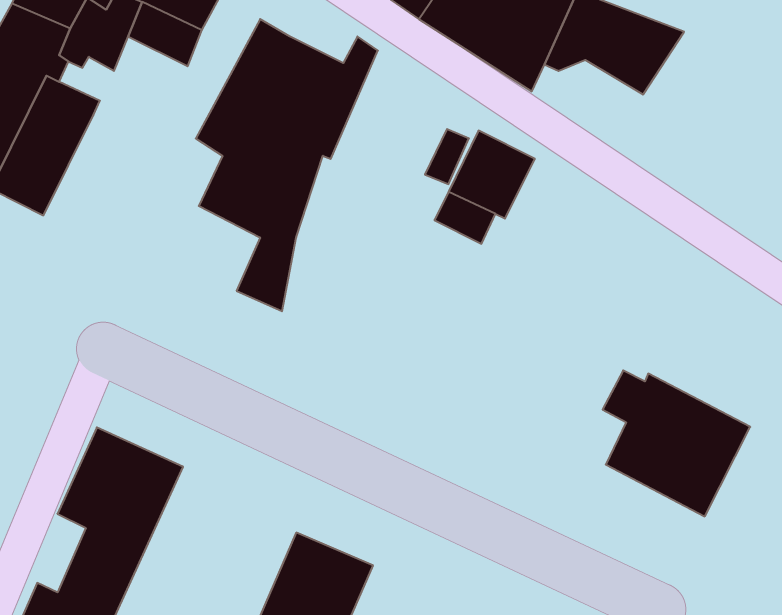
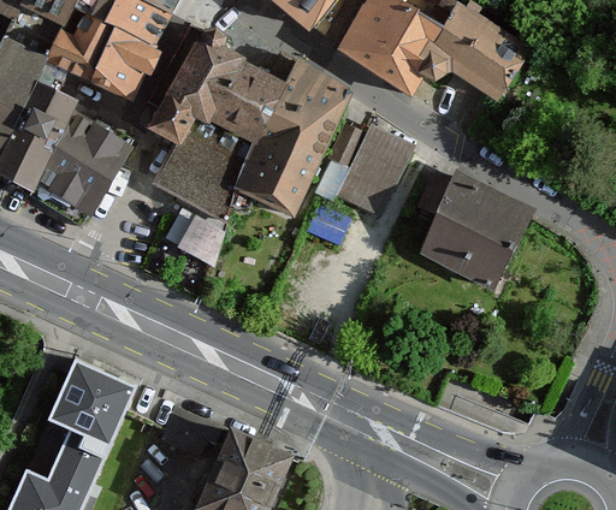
building: none -> [90,53,147,103]
building: none -> [230,64,344,215]
building: none -> [34,113,129,227]
building: [603,370,750,516] -> [416,173,529,285]
building: none -> [159,407,221,457]

